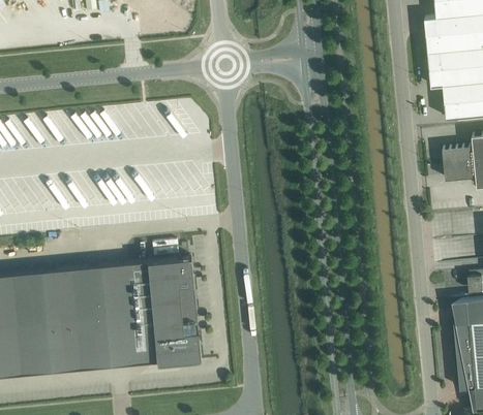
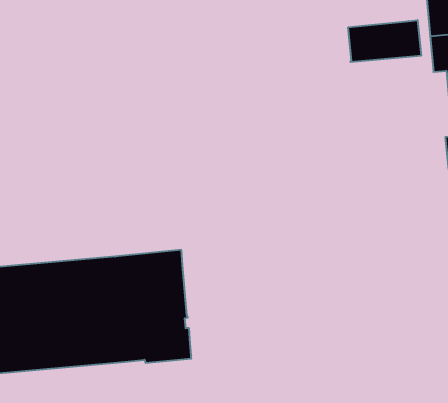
building: none -> [348,20,421,62]

